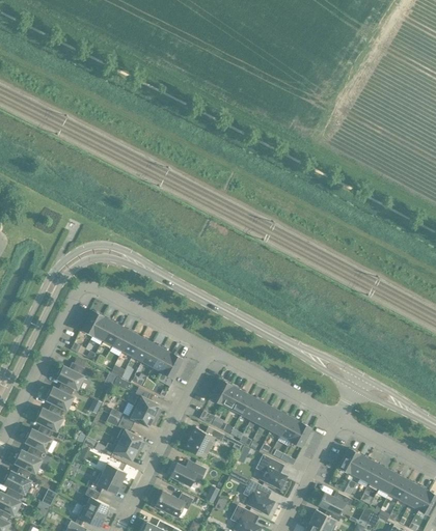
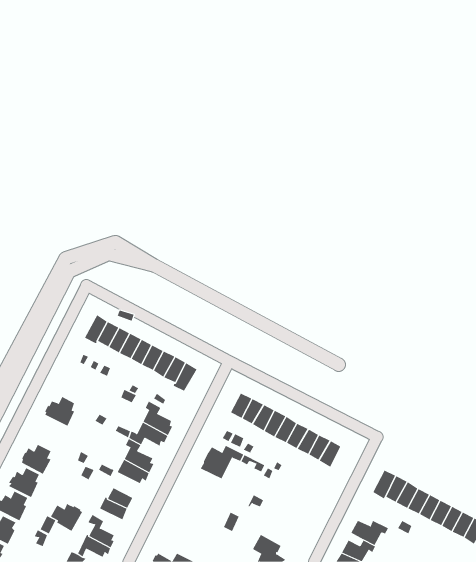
building: [56,362,84,389] -> none
building: [35,404,62,430] -> none
building: [256,454,285,488] -> none
building: [169,463,206,487] -> none
building: none -> [50,503,83,532]
building: [243,480,273,514] -> none
building: [155,491,192,516] -> none

